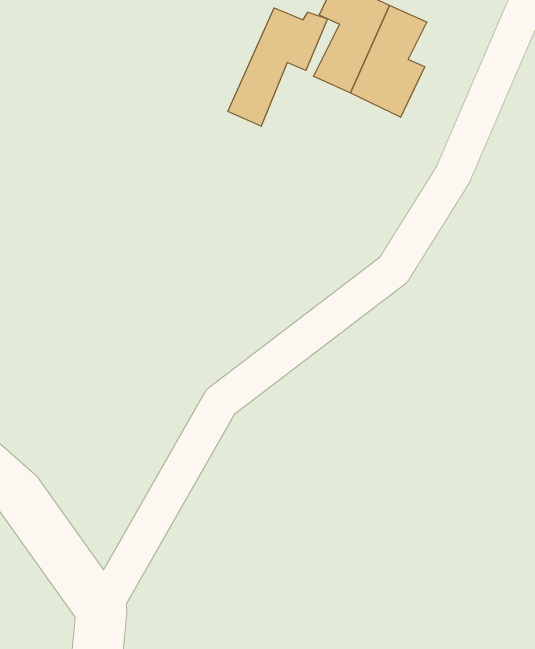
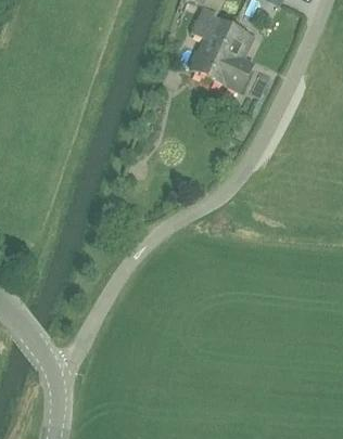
building: [228,8,328,126] -> none

